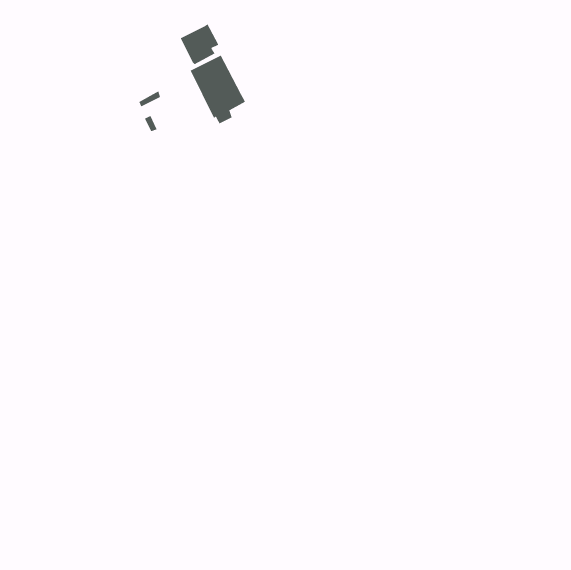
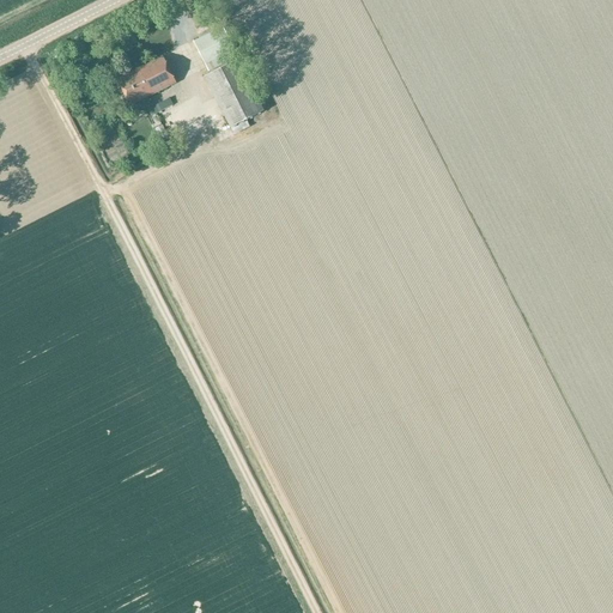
building: none -> [117,56,175,105]

